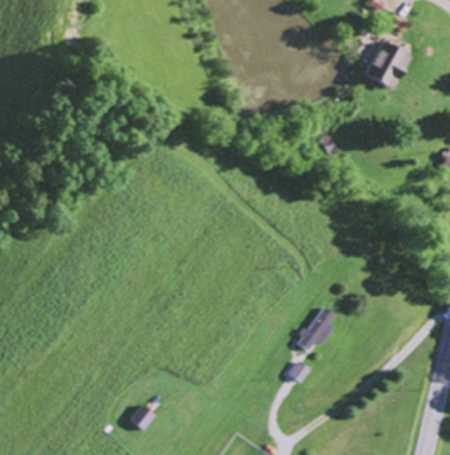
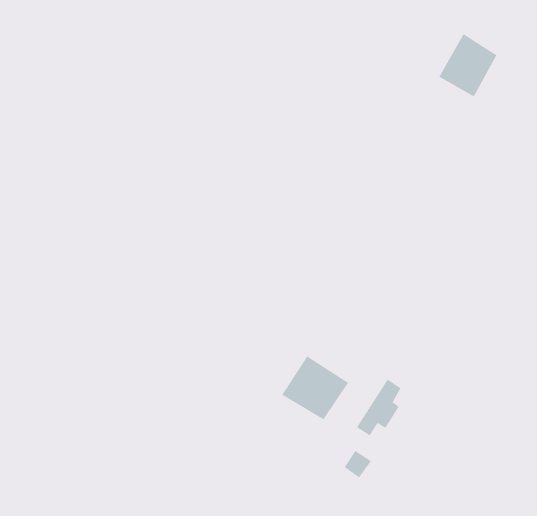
building: none -> [282,355,349,420]

